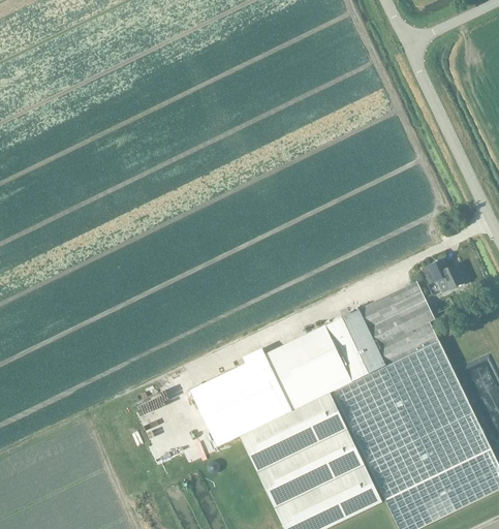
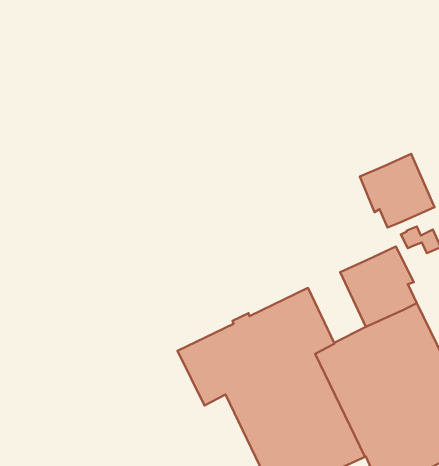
building: none -> [360,154,434,228]
building: [326,309,386,382] -> none

